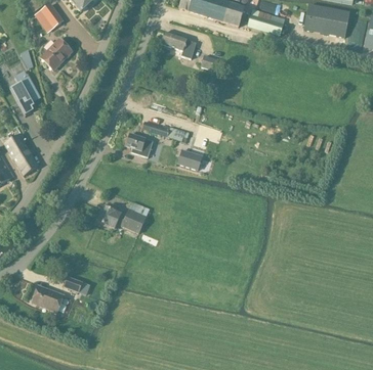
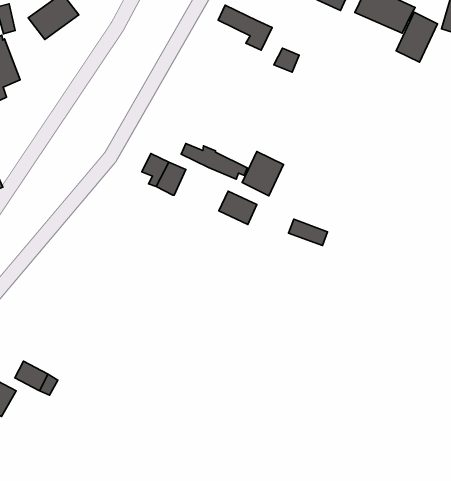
building: none -> [396,12,437,62]
building: none -> [242,151,283,196]
building: [97,204,147,232] -> none

